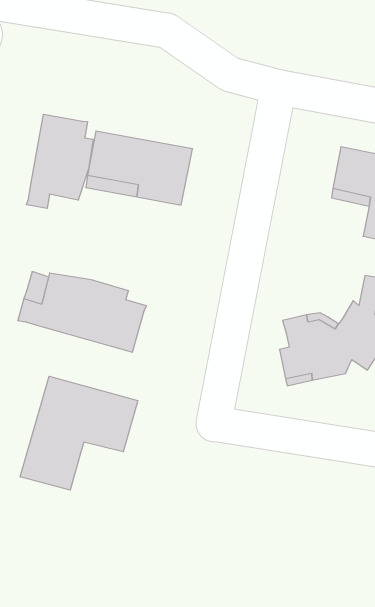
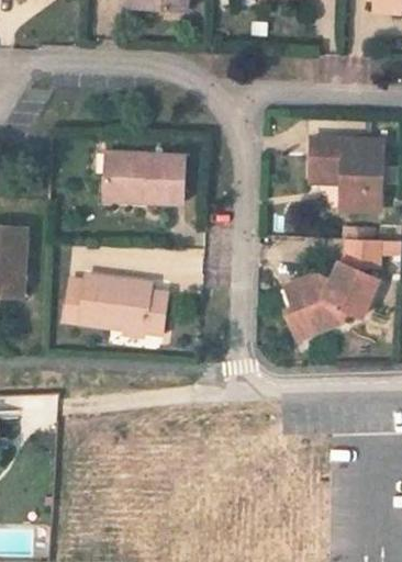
building: [27,114,93,208] -> none
building: [20,376,138,490] -> none

